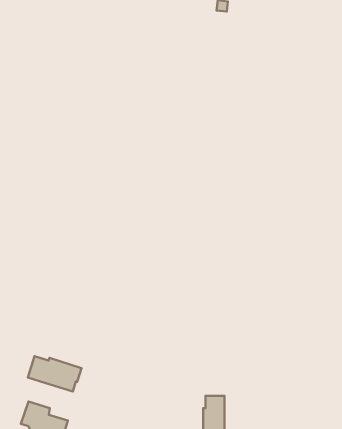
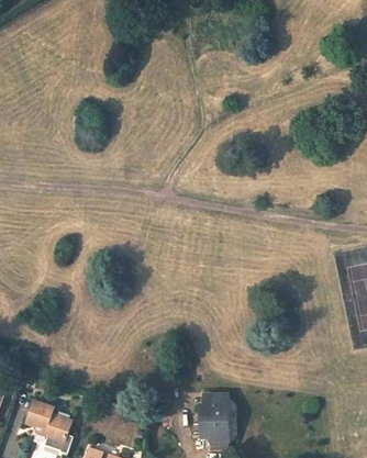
building: [28,356,82,392] -> none

